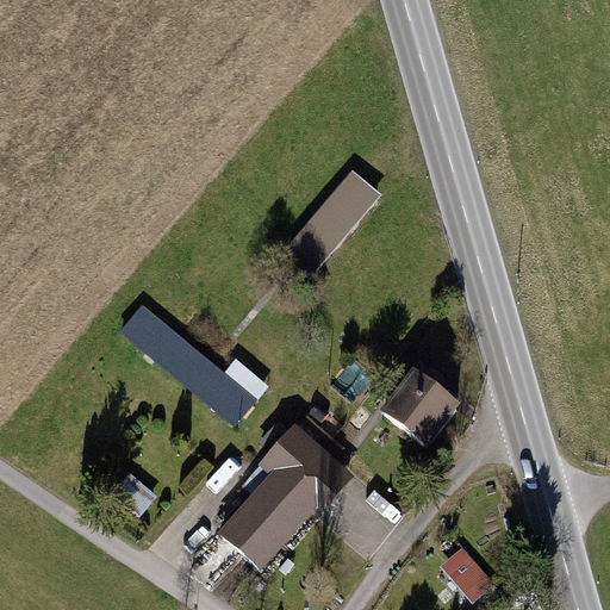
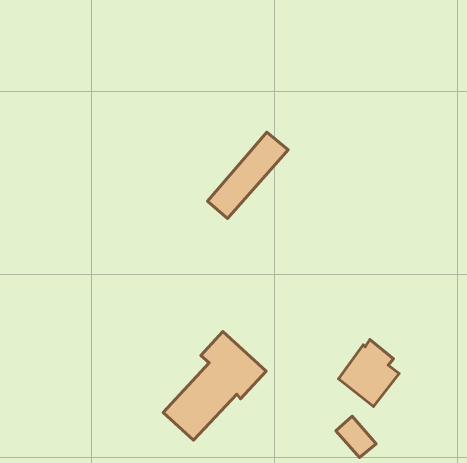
building: [119,305,251,419] -> none
building: [384,362,462,449] -> [339,339,399,406]

